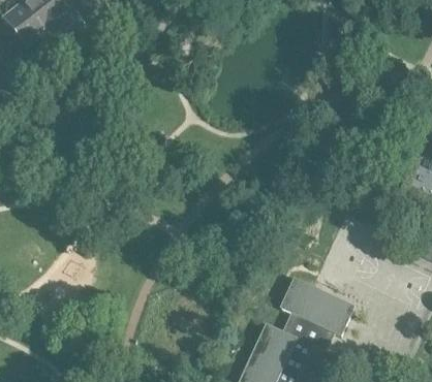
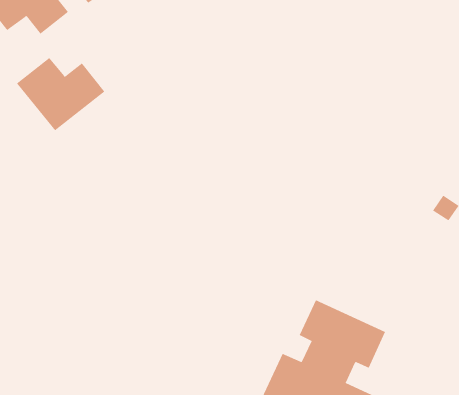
building: none -> [16,57,105,131]

